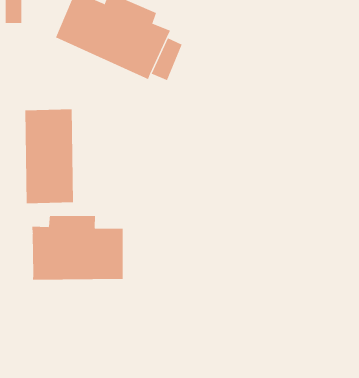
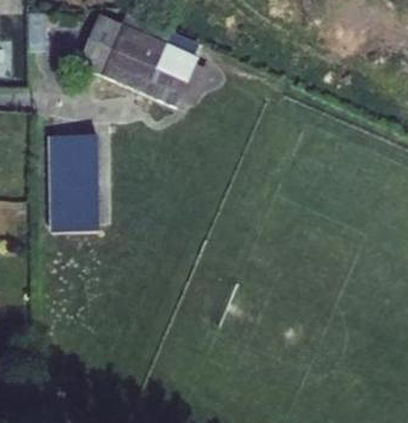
building: [32,215,123,281] -> none

